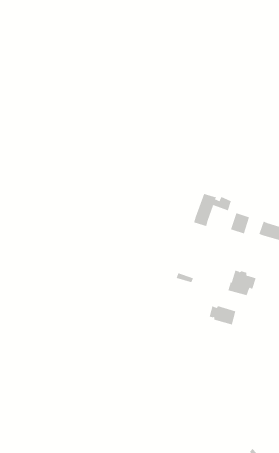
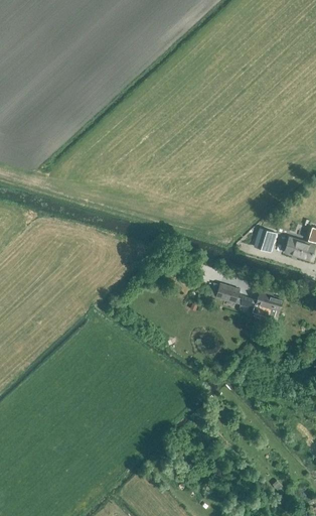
building: [193,193,232,227] -> none
building: [209,306,236,325] -> [210,282,240,303]

